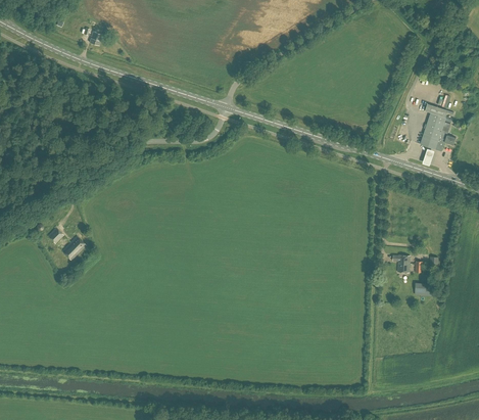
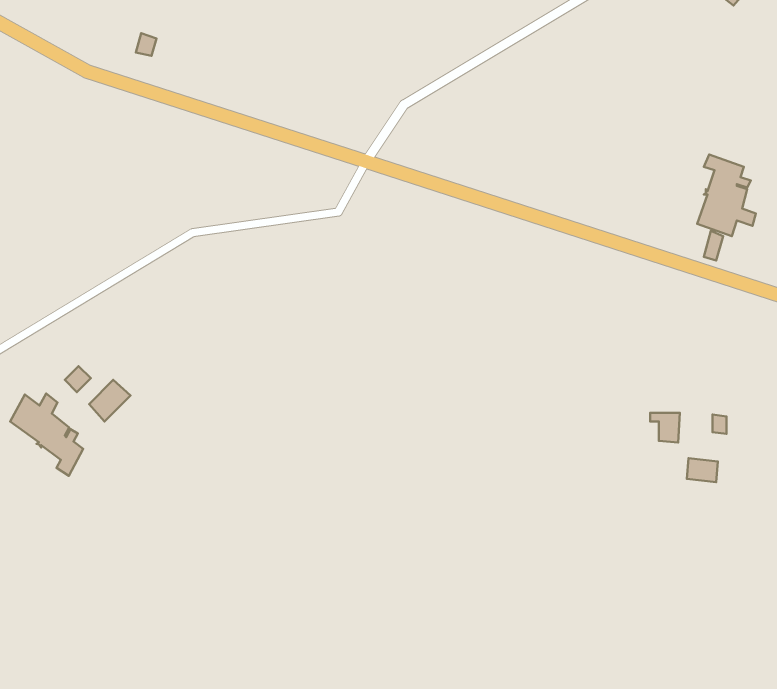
building: none -> [10,394,83,476]

